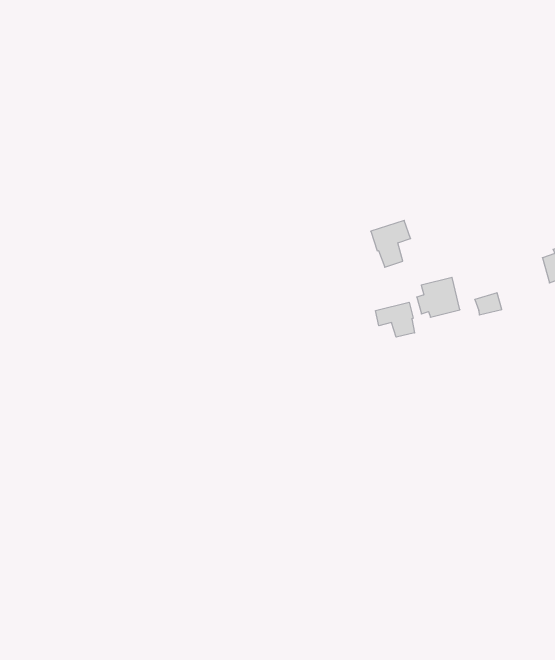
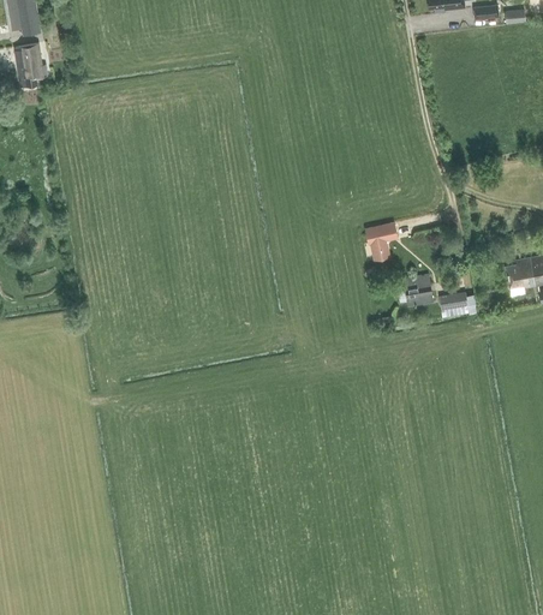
building: [376,302,415,337] -> none

